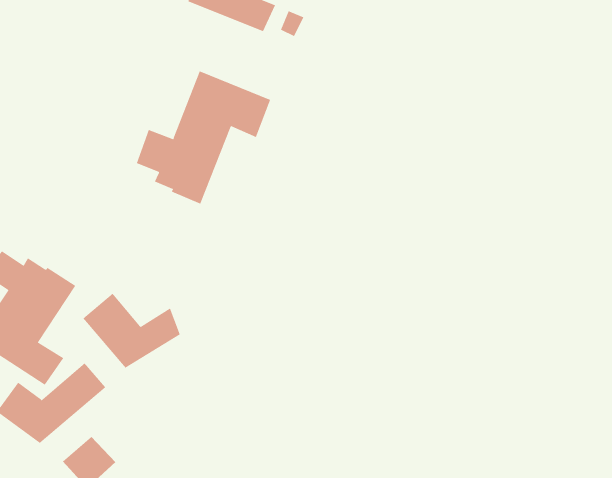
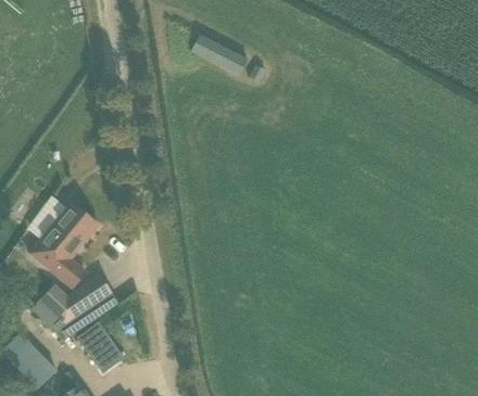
building: [136,71,271,204] -> none
building: [83,293,180,369] -> none

